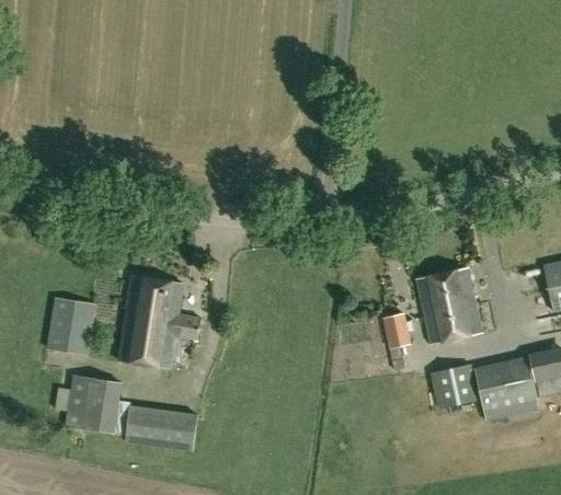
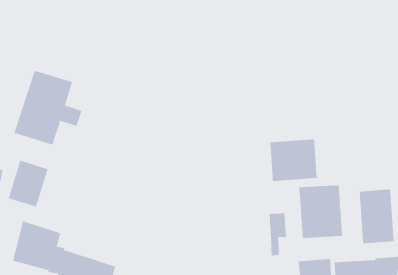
building: none -> [270,139,317,182]
building: none -> [359,189,394,244]
building: [117,275,201,367] -> [13,70,82,145]

